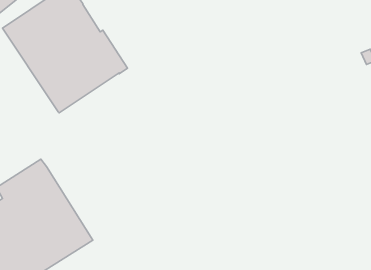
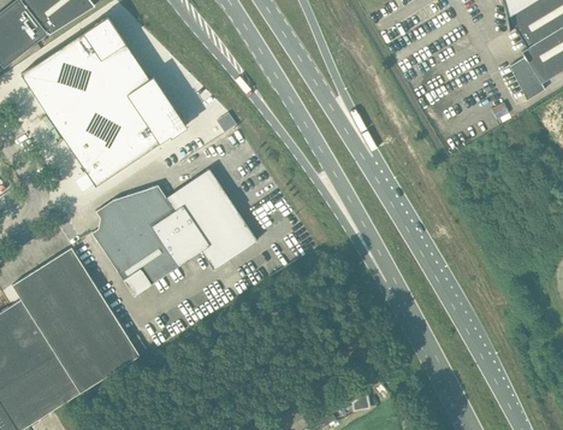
building: none -> [91,169,257,295]

